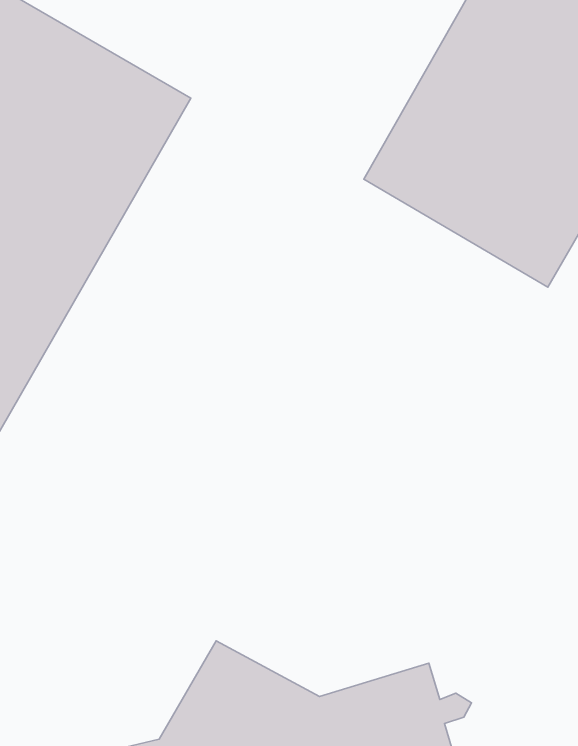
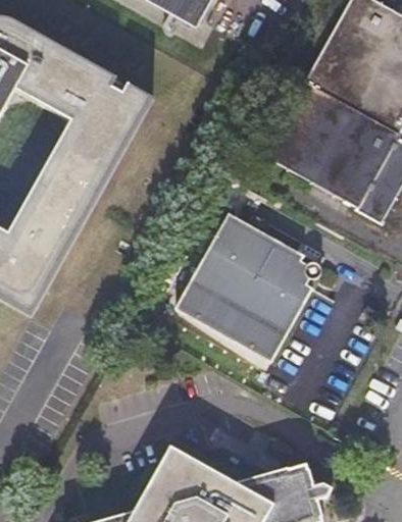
building: none -> [179,213,325,363]

